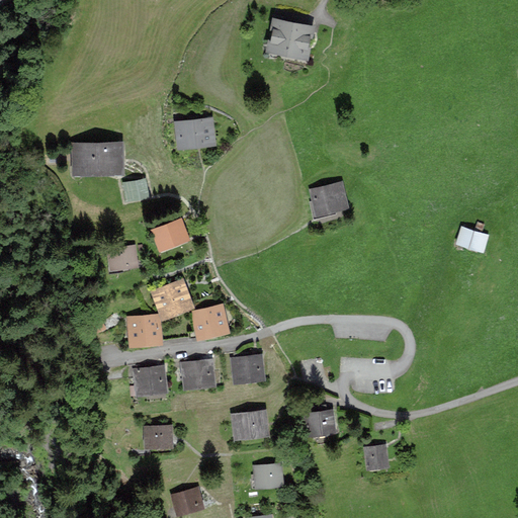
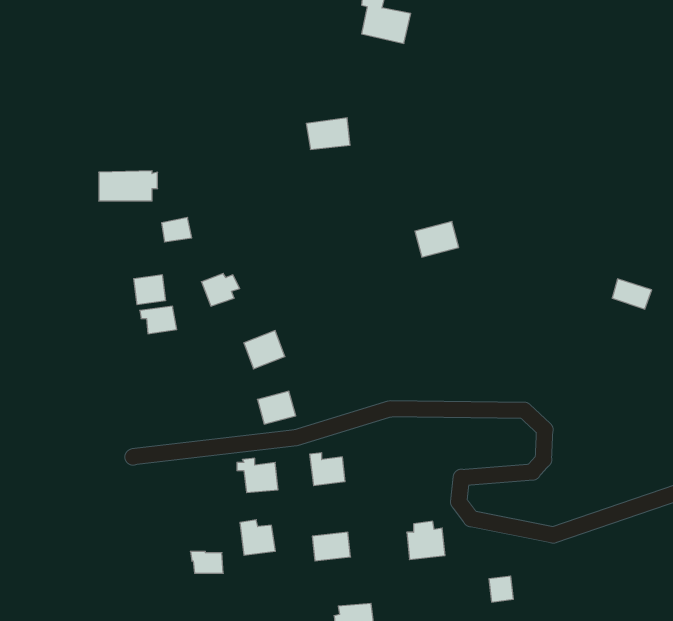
building: [179,122,211,146] -> [306,118,350,149]
building: none -> [134,275,165,305]
building: [158,286,188,315] -> [244,331,285,369]
building: [133,321,158,342] -> none
building: [138,366,164,393] -> [240,520,275,555]

